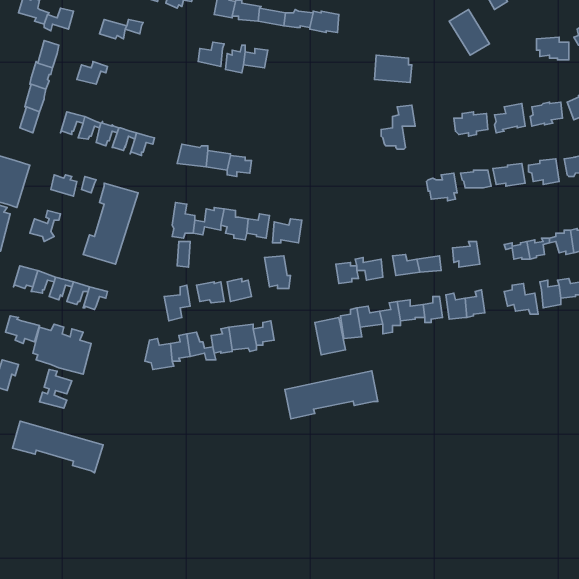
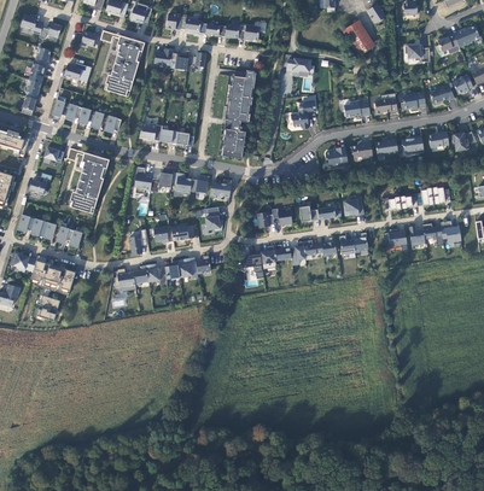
building: none -> [103,35,144,95]
building: none -> [221,71,253,158]
building: [285,371,378,419] -> none
building: [12,421,103,473] -> none

